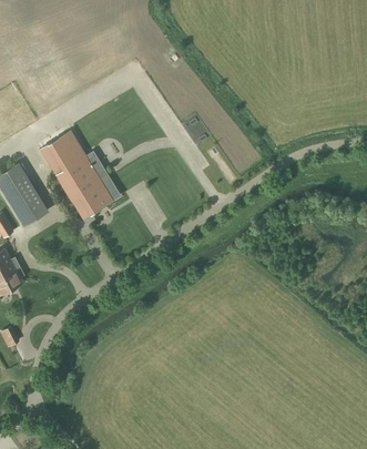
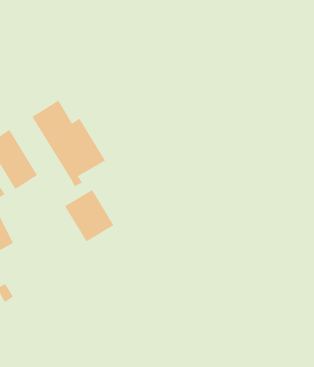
building: none -> [64,189,114,242]

